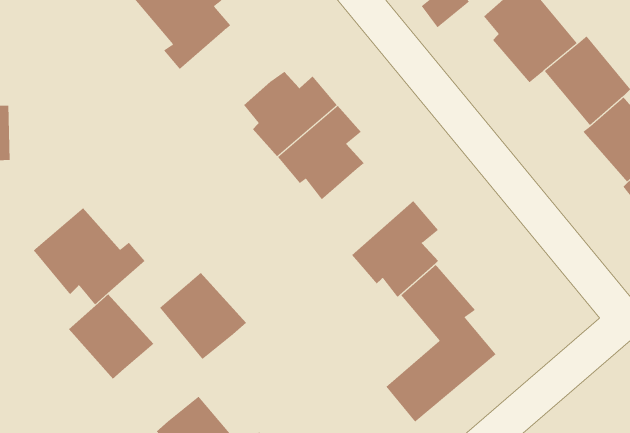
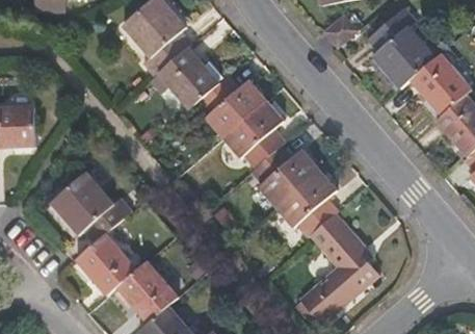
building: none -> [149,49,218,110]
building: none -> [252,147,319,207]
building: [159,272,247,360] -> [116,262,178,324]

